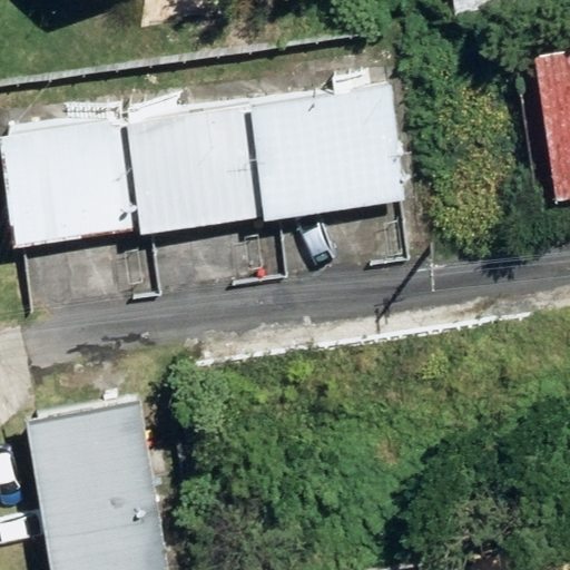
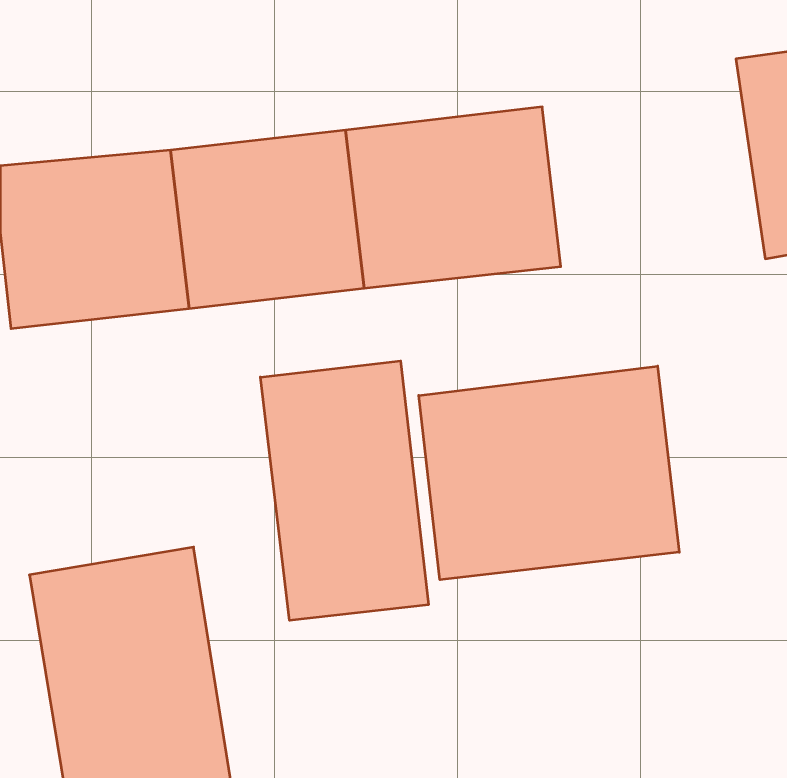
building: none -> [260,361,428,620]
building: none -> [419,366,679,580]

